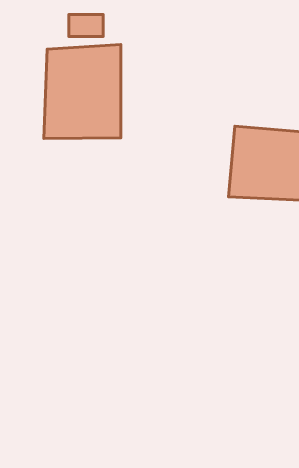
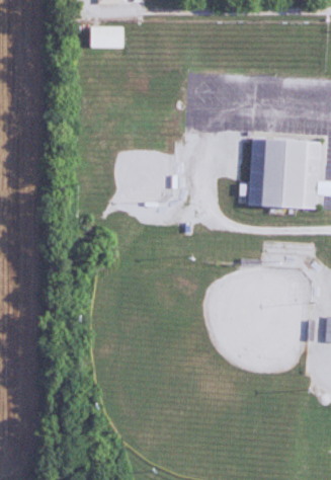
building: [44,45,121,138] -> none

